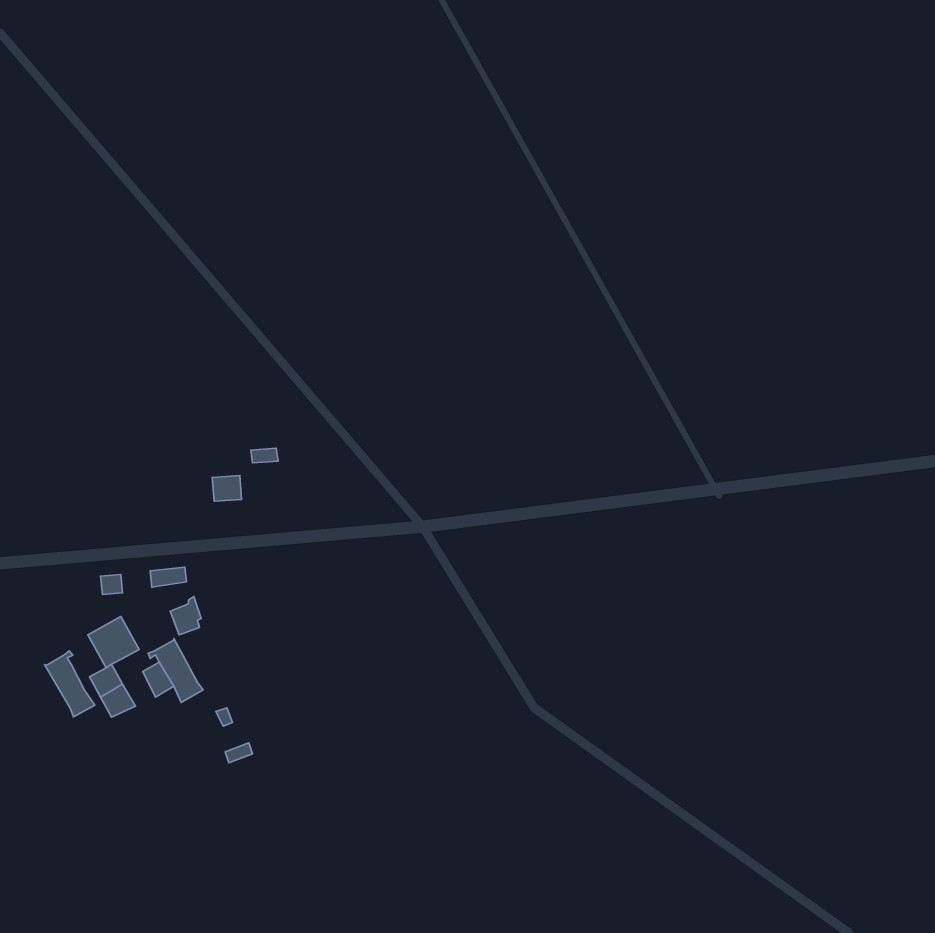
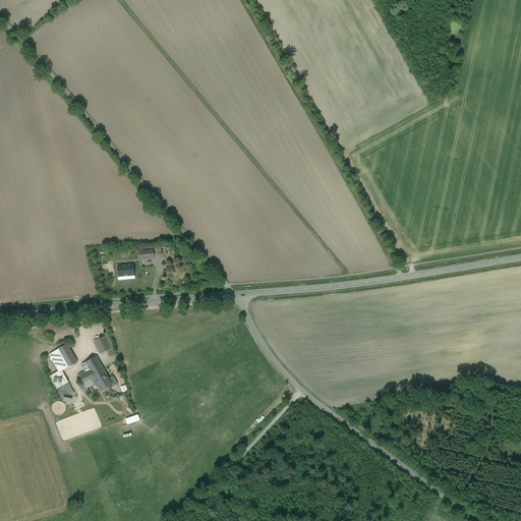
building: [45,651,95,717] -> none

